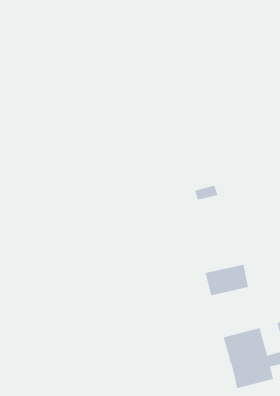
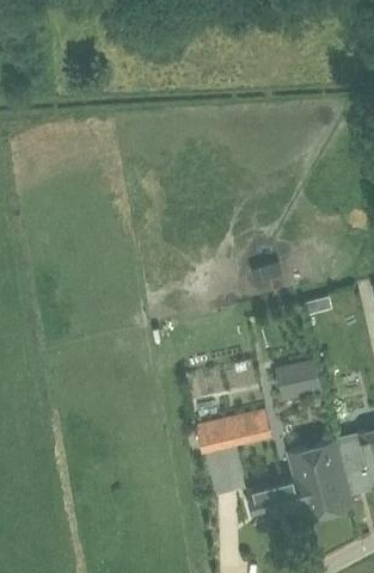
building: none -> [196,414,270,452]
building: none -> [247,479,302,518]

